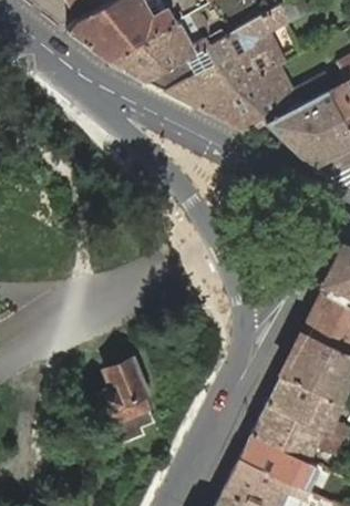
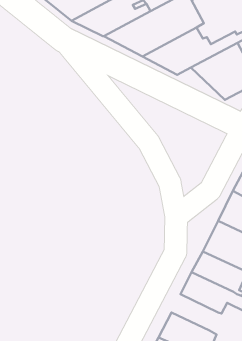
building: [102,362,155,445] -> none
building: [240,434,315,492] -> none

